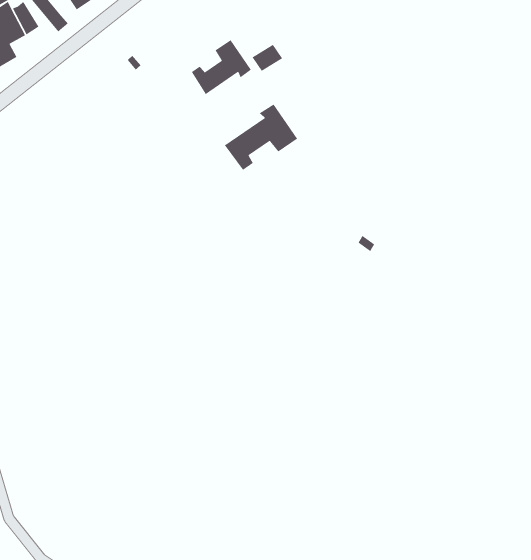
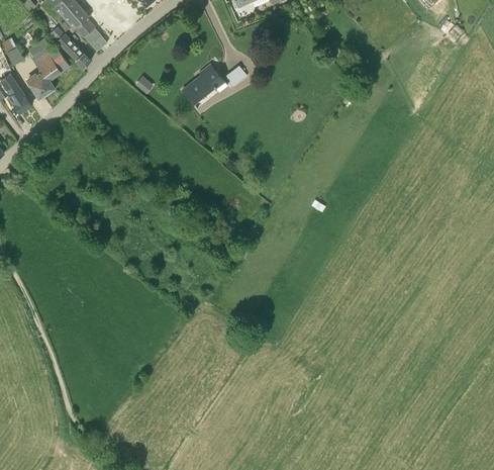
building: [224,103,298,171] -> none

